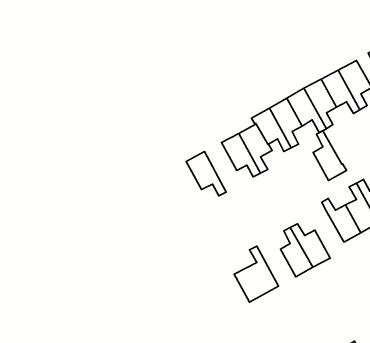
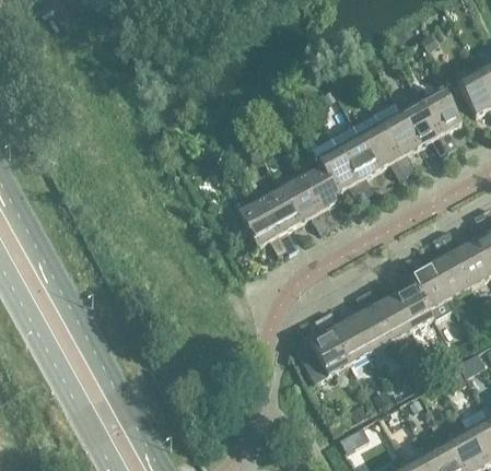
building: [313,131,347,180] -> [394,268,434,328]
building: none -> [260,188,300,248]
building: none -> [324,309,371,362]

